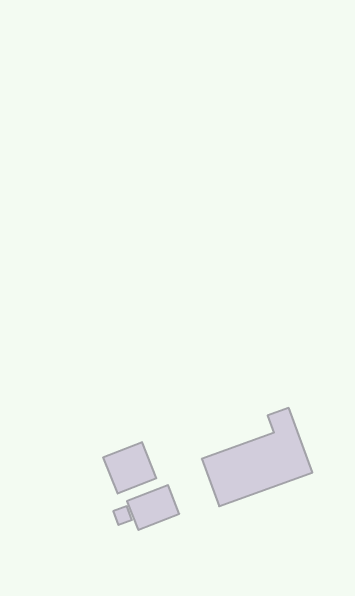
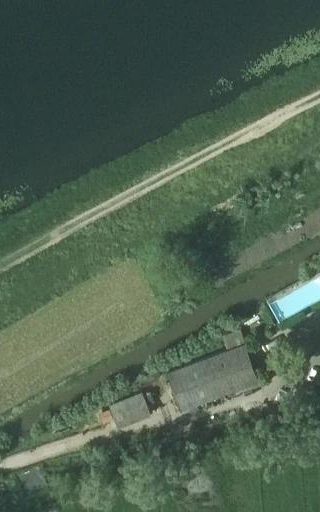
building: [103,442,156,494] -> none

